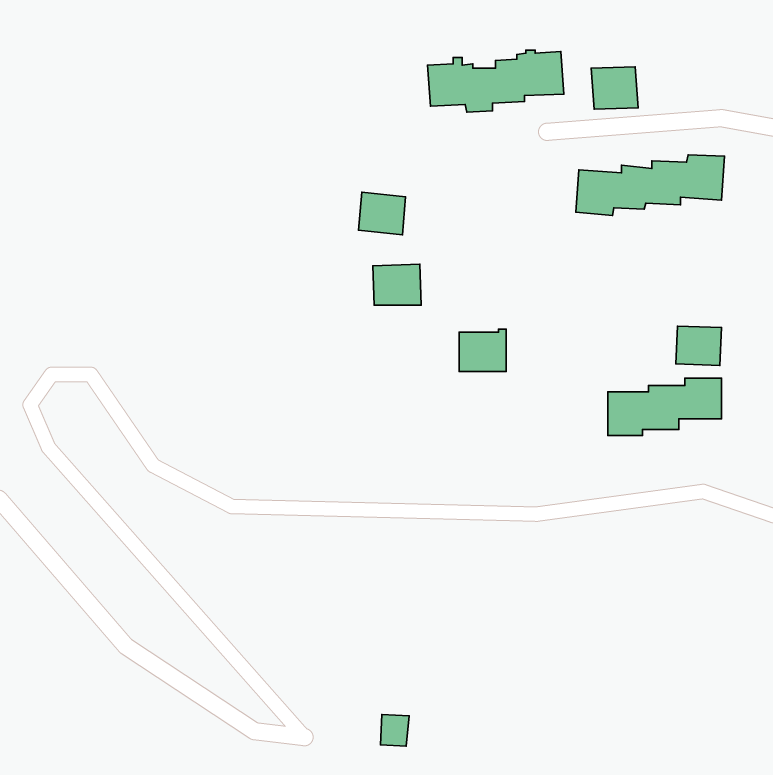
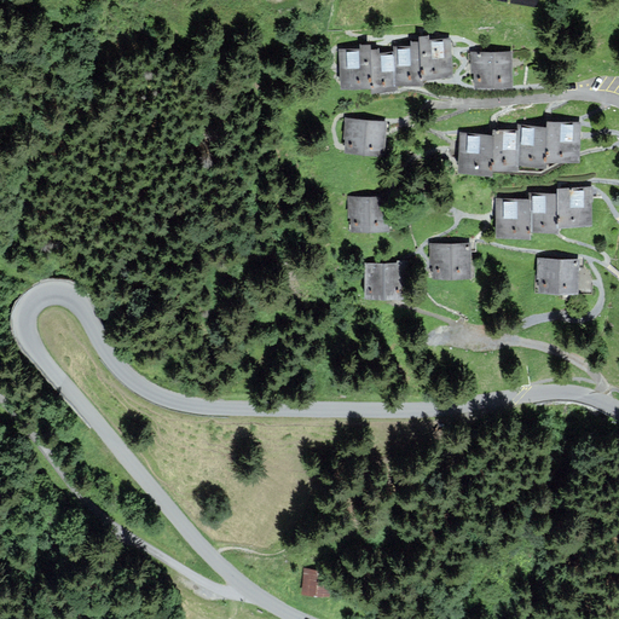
building: [359,192,406,235] -> [346,120,383,154]
building: [373,264,421,305] -> [348,197,387,230]
building: none -> [432,245,468,276]
building: [608,378,721,436] -> [498,190,589,236]

